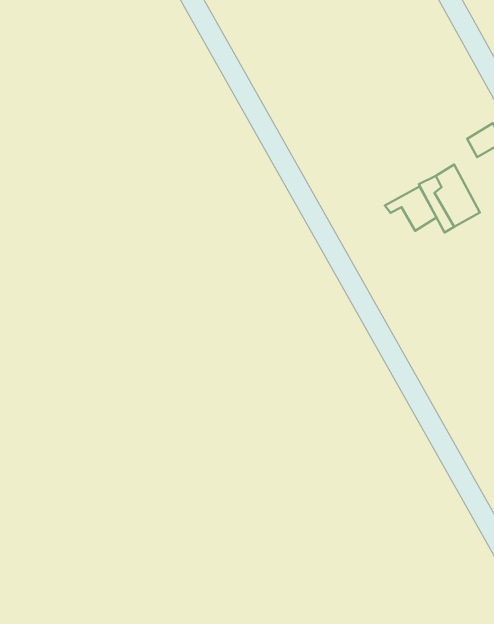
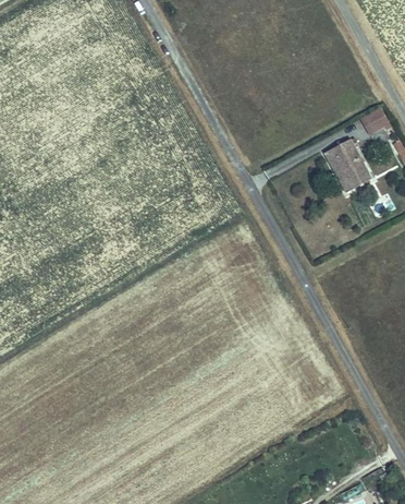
building: [385,186,436,231] -> none

